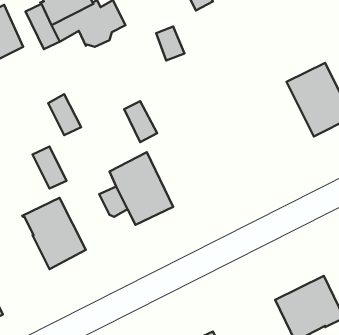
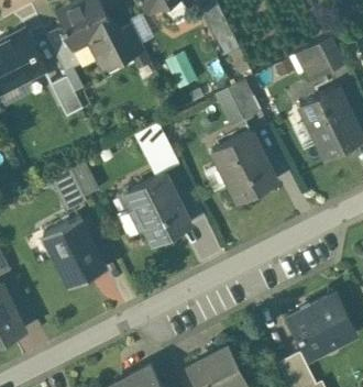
building: none -> [307,37,344,76]
building: none -> [228,81,261,122]
building: [48,94,81,135] -> [51,78,82,118]
building: none -> [212,132,276,202]

